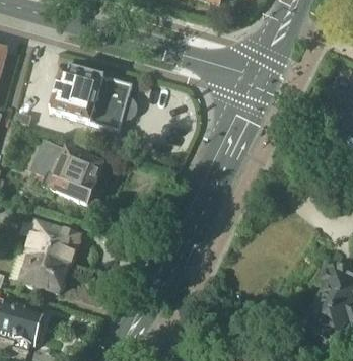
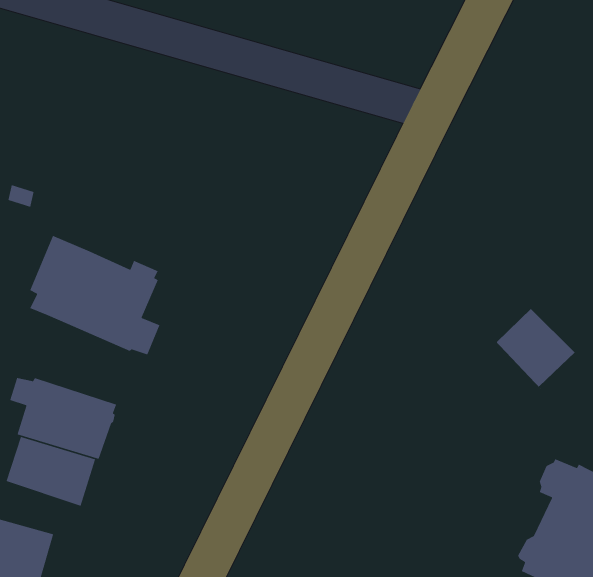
building: [52,67,137,131] -> none
building: none -> [494,308,575,389]

